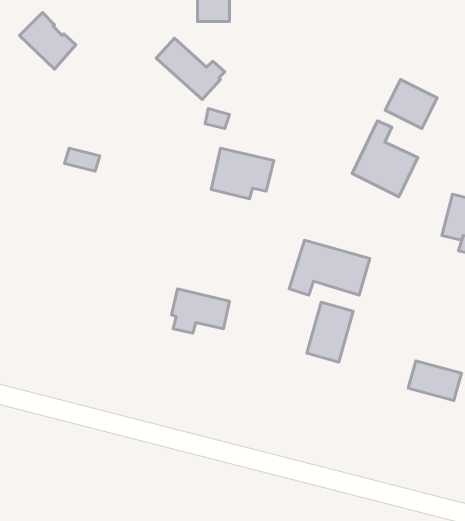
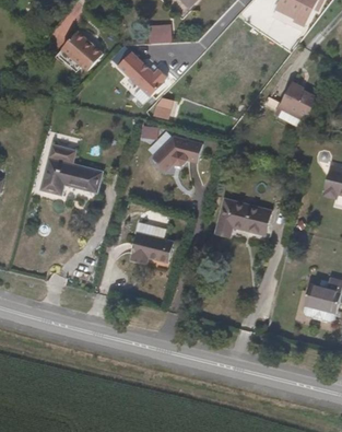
building: [19,13,76,69] -> [62,31,103,71]
building: [352,121,418,197] -> none
building: none -> [39,155,102,194]
building: [307,302,353,362] -> none

